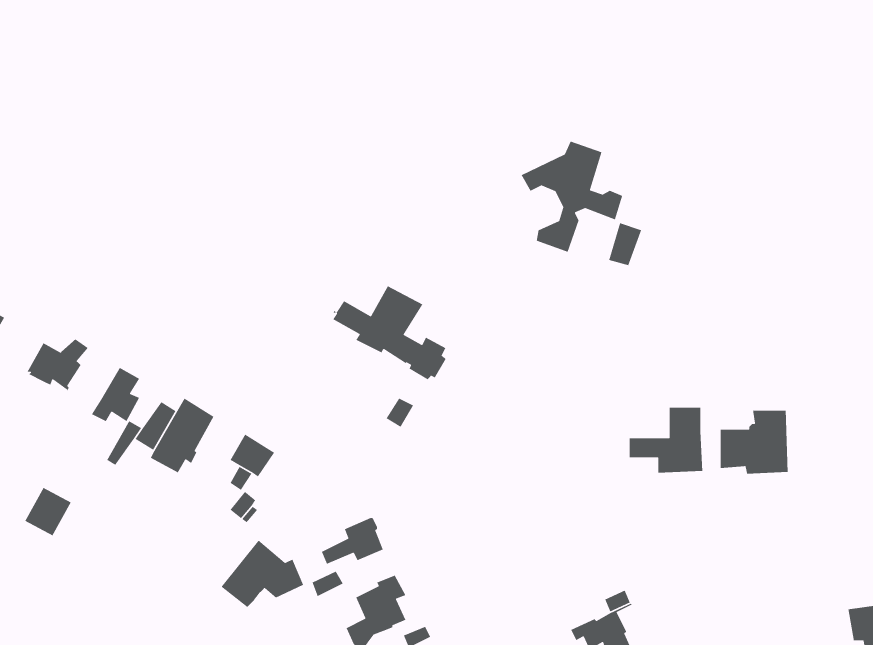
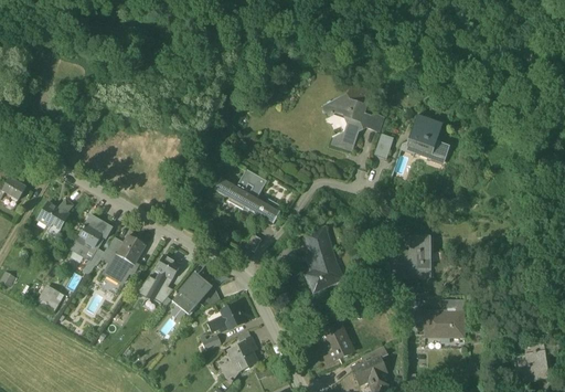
building: none -> [408,114,449,158]
building: none -> [303,227,343,294]
building: [720,410,788,474] -> [425,300,465,338]
building: [221,539,304,608] -> [172,274,221,314]
building: none -> [316,324,351,363]

